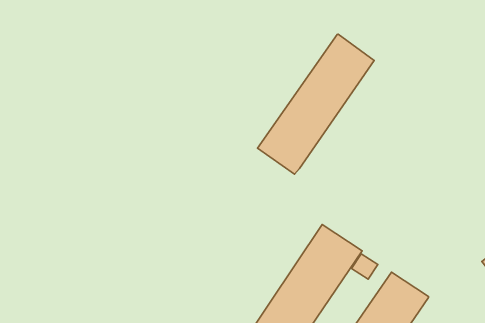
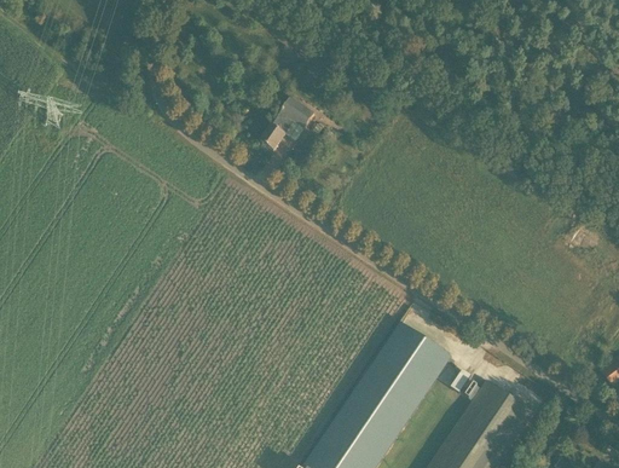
building: [258,34,374,174] -> none
building: none -> [260,97,314,150]

